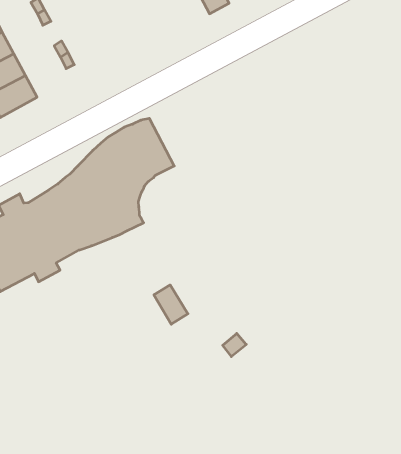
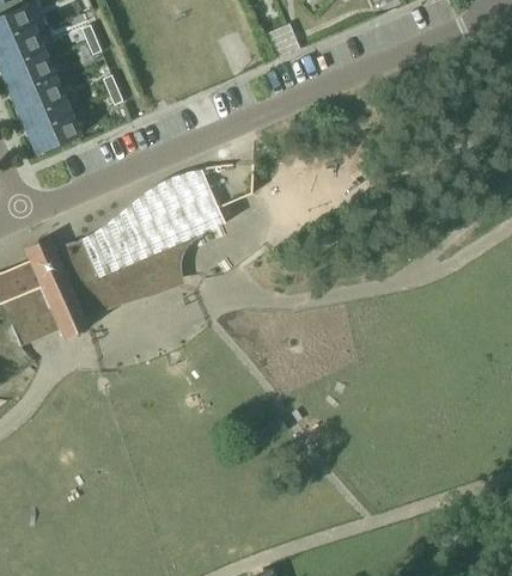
building: [154,285,188,324] -> none

